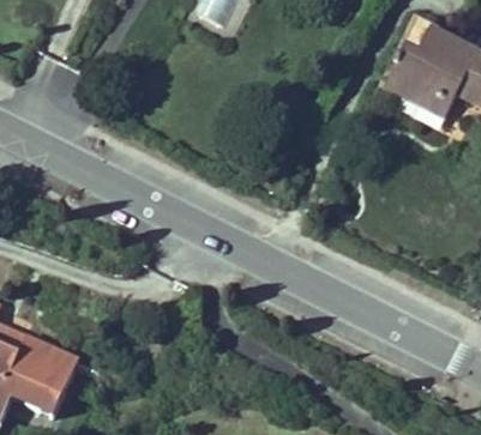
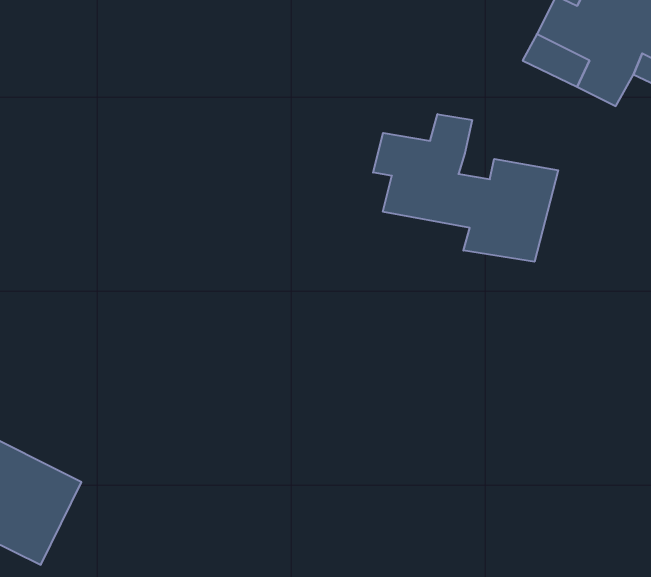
building: none -> [373,114,558,262]

